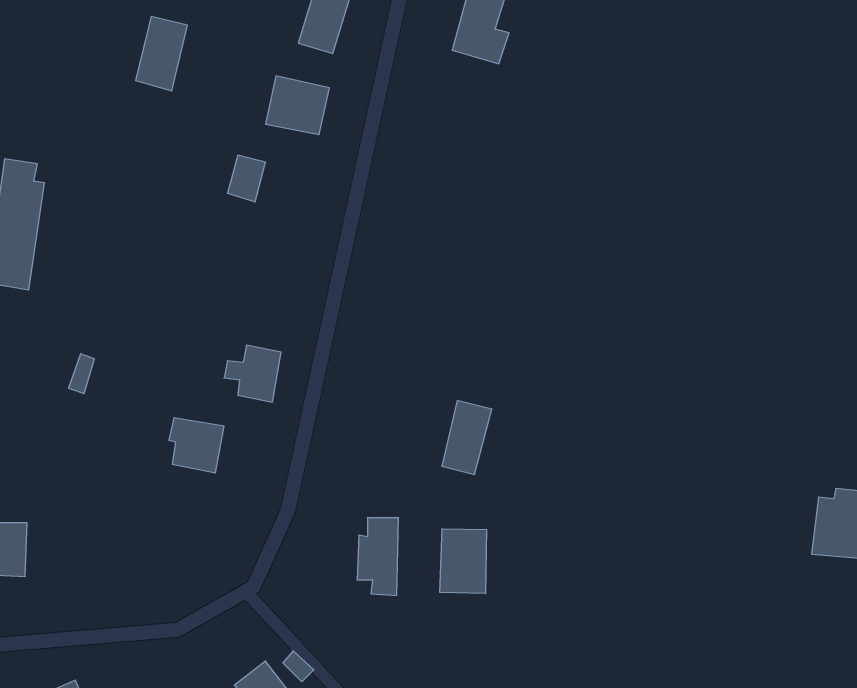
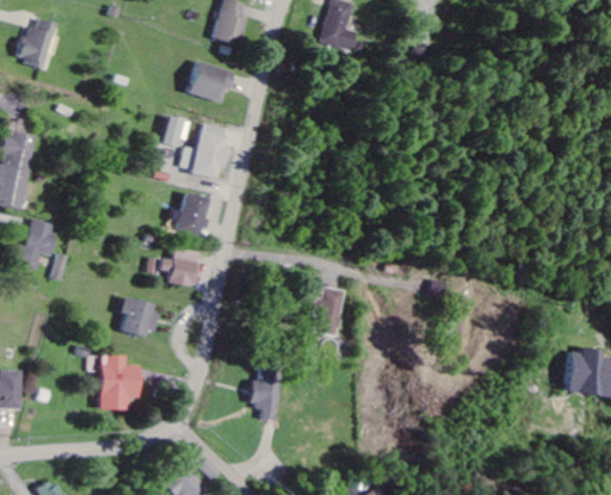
building: [136,17,187,91] -> [23,16,58,67]
building: none -> [179,123,228,177]
building: none -> [174,191,211,236]
building: none -> [11,218,58,266]
building: none -> [100,354,141,410]
building: [440,529,486,594] -> none

